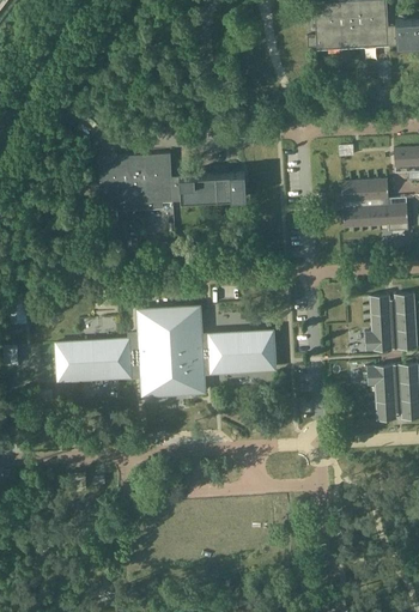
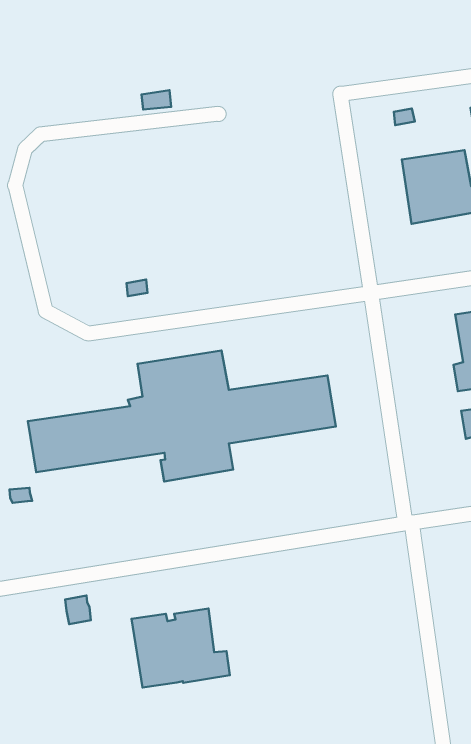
building: [95,153,247,210] -> none
building: none -> [131,609,230,688]

